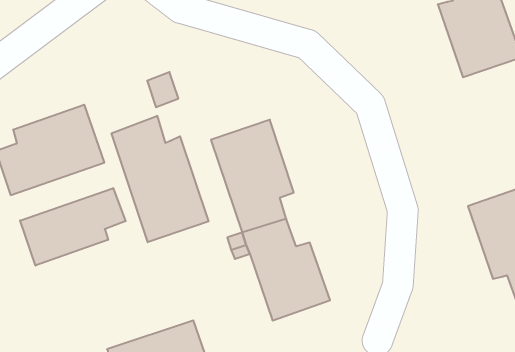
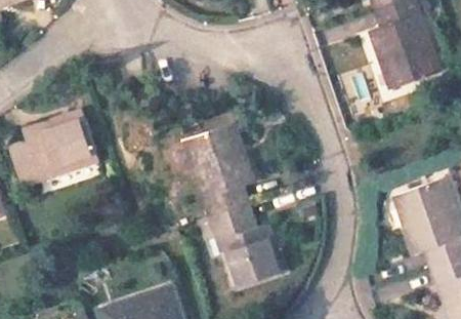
building: [112,116,209,242] -> none
building: [20,188,126,266] -> none

